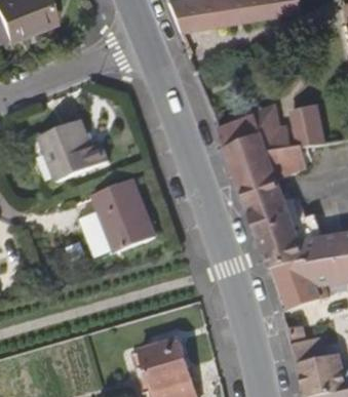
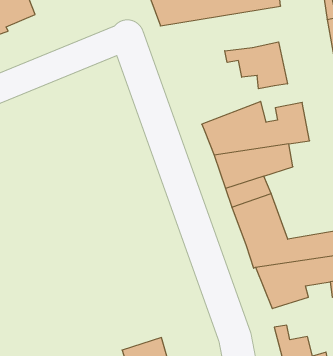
building: none -> [225,42,287,89]
building: [36,119,108,183] -> none
building: [78,180,155,257] -> none

